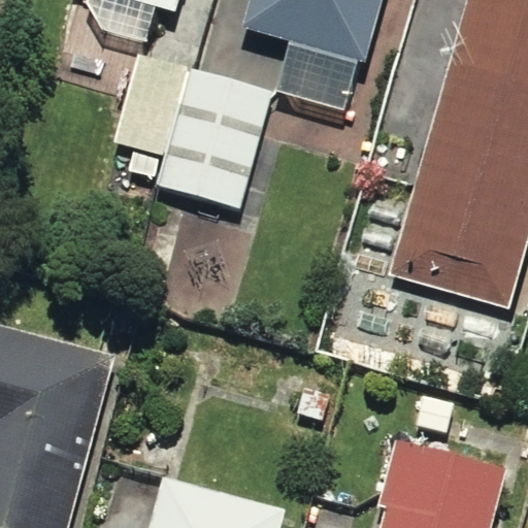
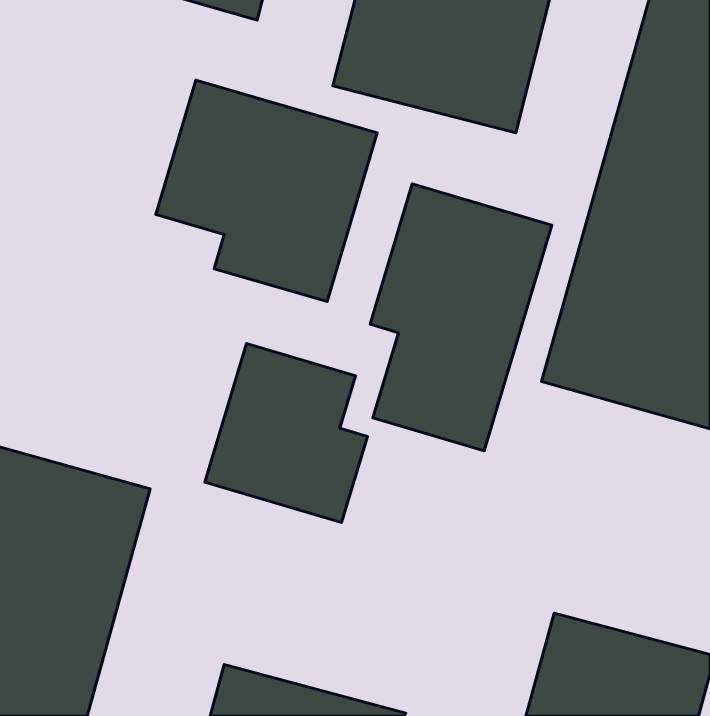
building: none -> [370,184,552,451]
building: none -> [205,344,368,523]

